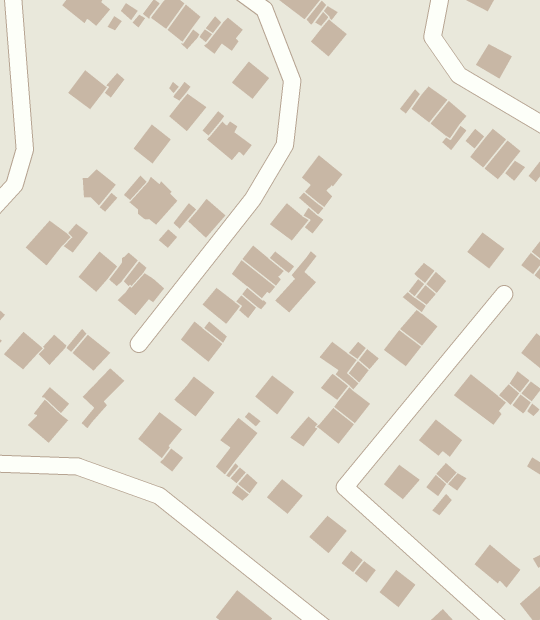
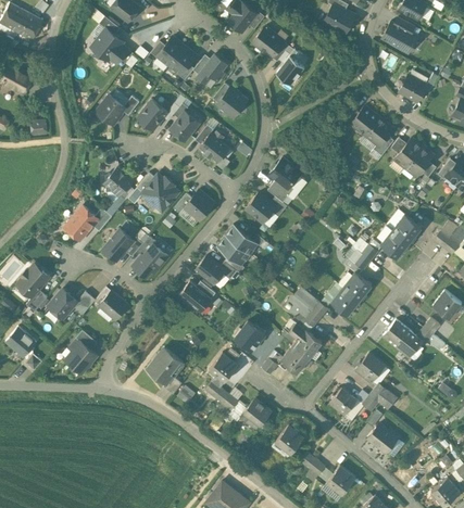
building: [132,124,172,164] -> [138,100,167,130]
building: [274,250,317,313] -> none
building: none -> [380,230,410,258]
building: [81,367,125,429] -> none
building: [173,376,215,417] -> none
building: [473,544,522,589] -> [367,423,403,457]

